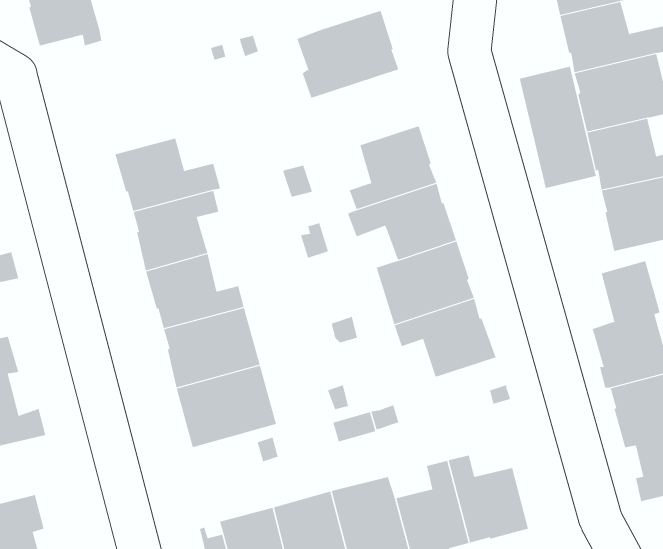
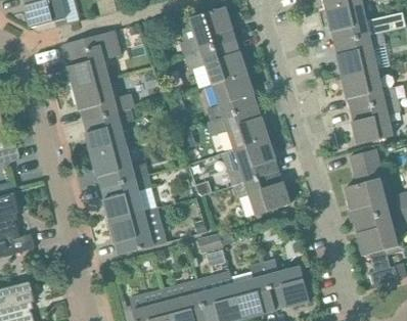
building: none -> [63,31,121,89]
building: [519,66,597,189] -> none
building: none -> [185,41,246,89]

